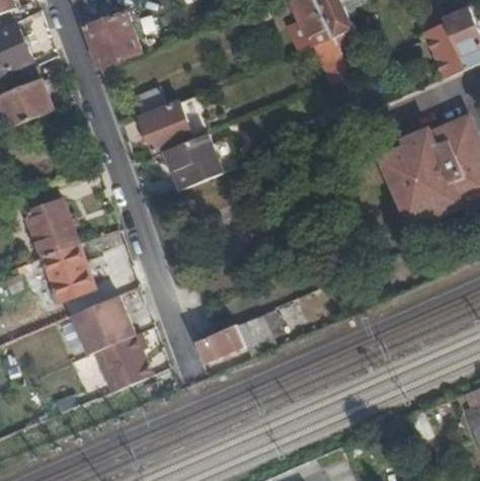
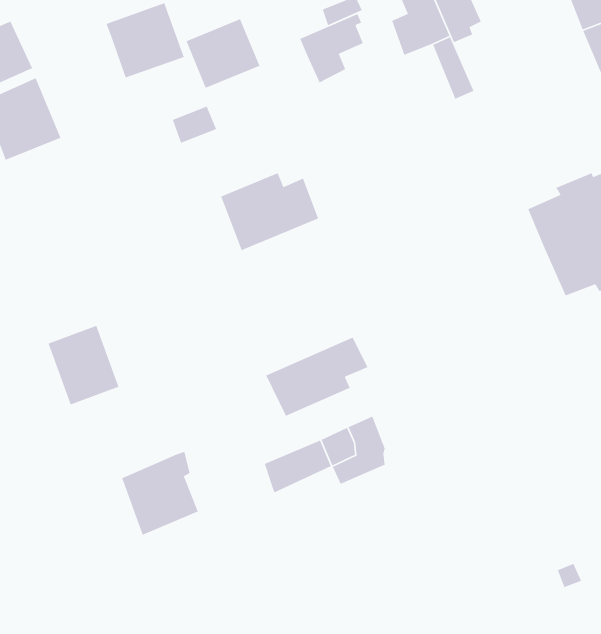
building: none -> [299,13,364,84]
building: [139,100,192,151] -> [185,18,260,89]
building: [20,186,77,255] -> none
building: none -> [265,337,369,417]
building: [73,294,134,353] -> none

